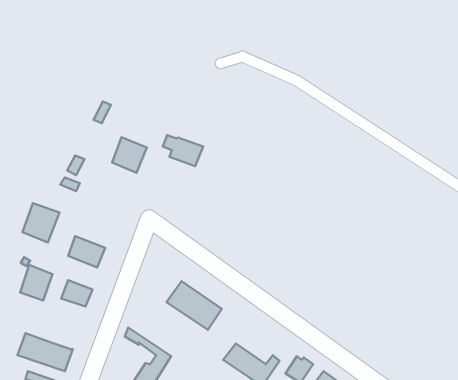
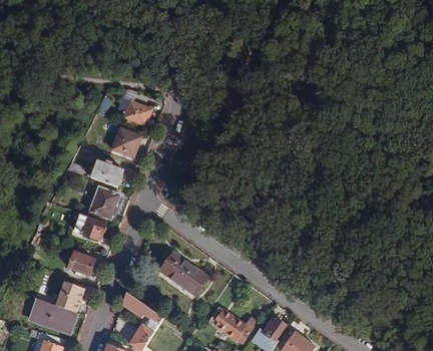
building: [163,135,203,166] -> [117,98,152,125]
building: none -> [91,159,124,188]
building: [22,203,59,242] -> [89,187,121,221]
building: [20,265,52,301] -> [56,281,84,312]

